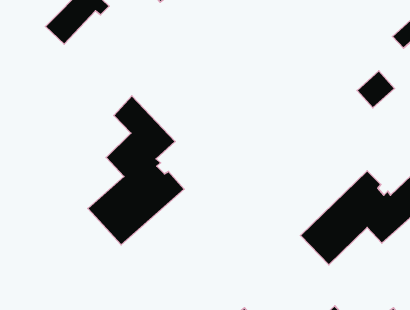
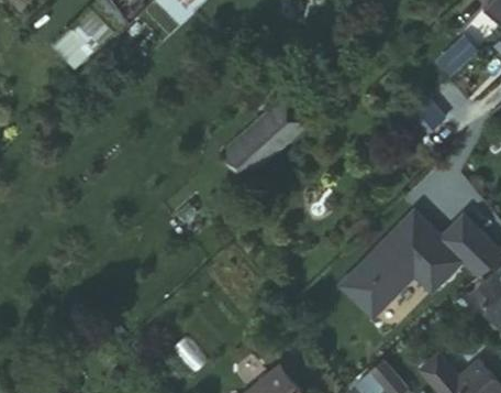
building: none -> [227,98,303,172]
building: [88,96,184,245] -> none

